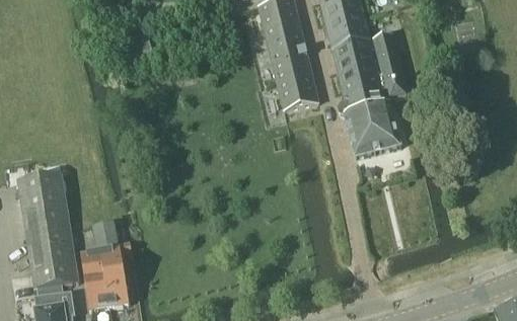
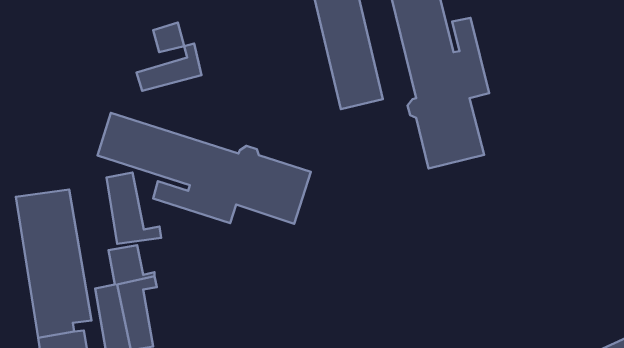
building: none -> [137,44,202,91]
building: none -> [97,113,311,224]
building: none -> [107,172,161,244]

